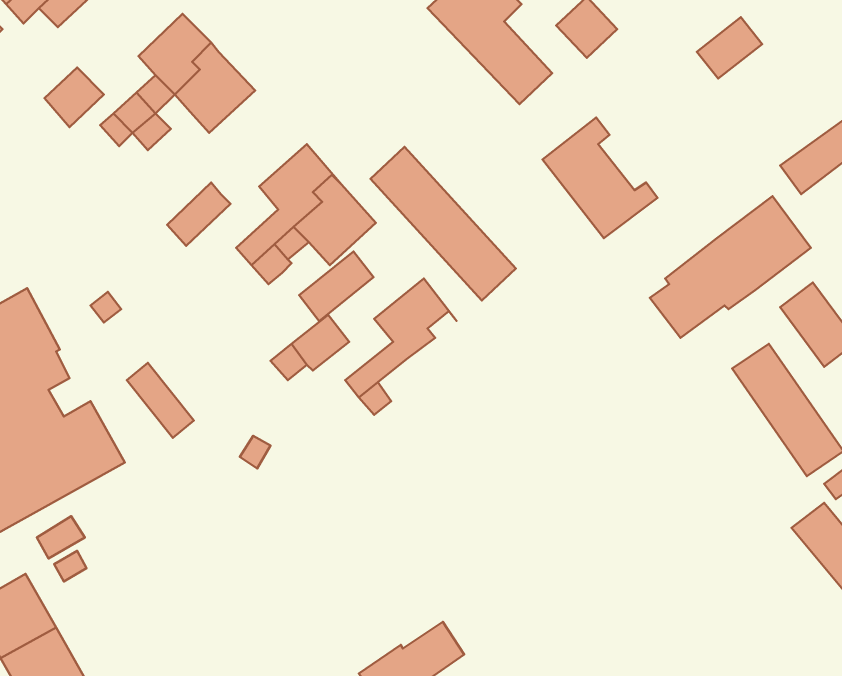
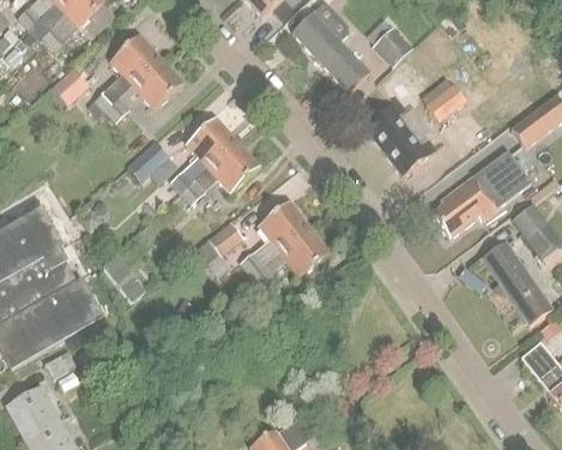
building: [697,17,762,79] -> [425,84,466,122]
building: [370,147,516,301] -> none
building: [299,251,374,321] -> none
building: none -> [278,221,330,277]

